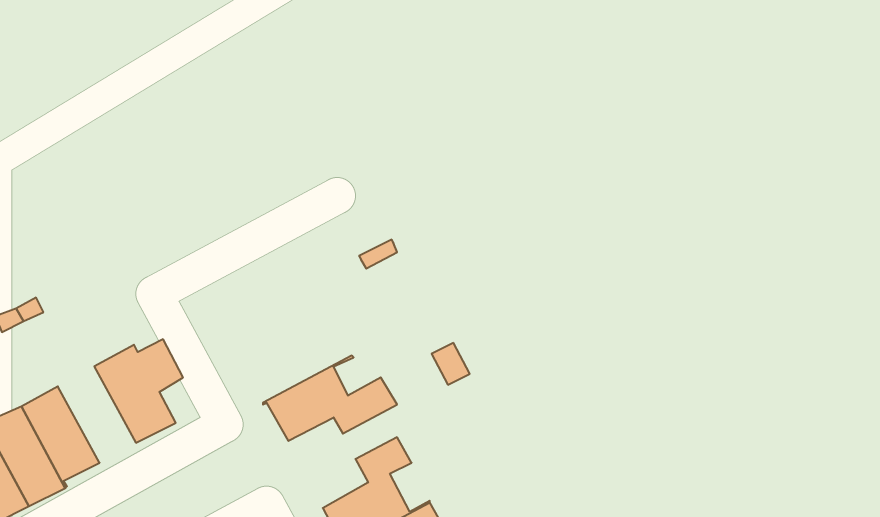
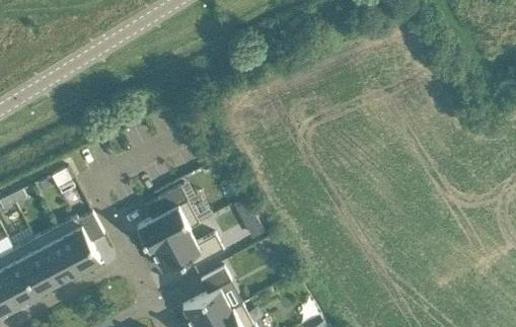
building: none -> [136,186,198,249]
building: none -> [33,229,77,282]

